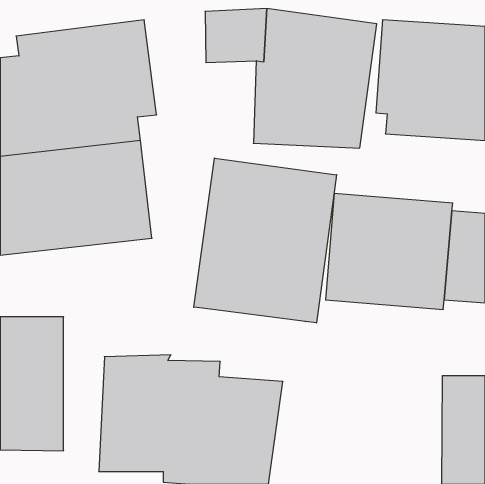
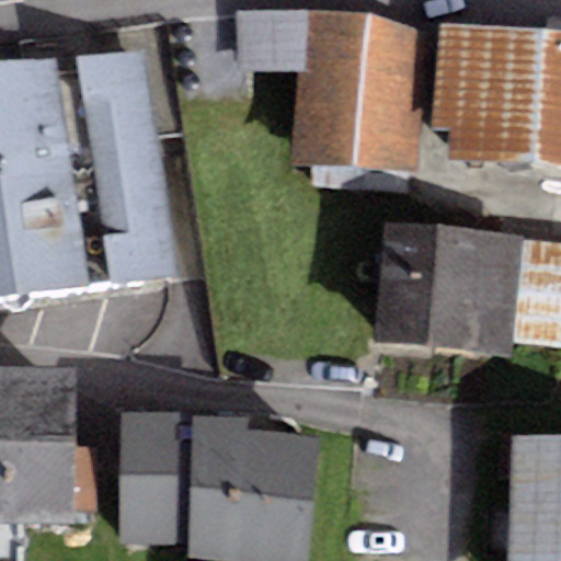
building: [194,158,337,323] -> none

